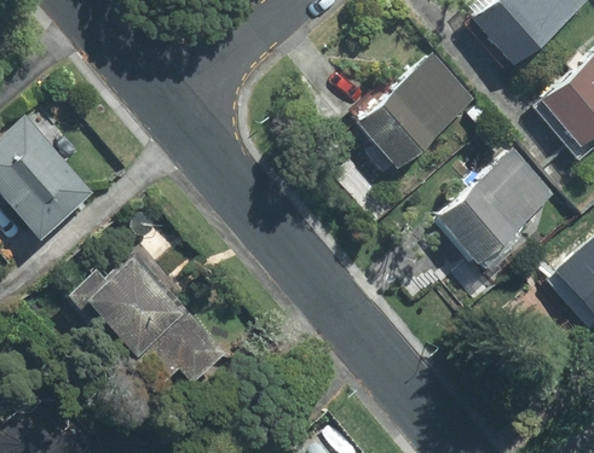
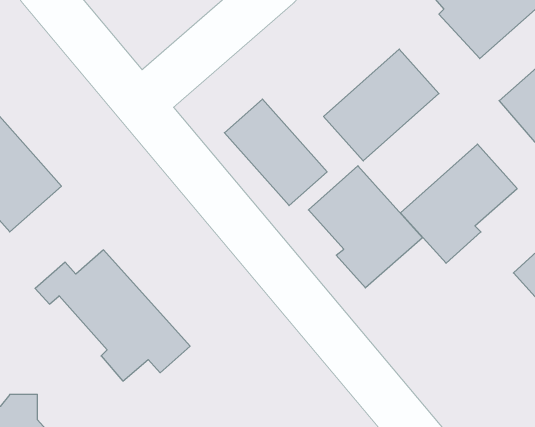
building: none -> [224,99,327,206]
building: none -> [308,166,422,288]

